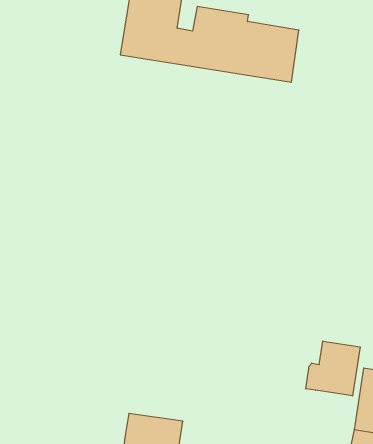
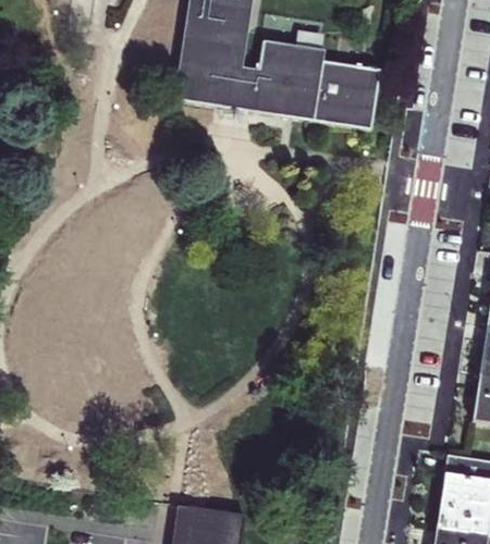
building: [306,341,360,396] -> none

